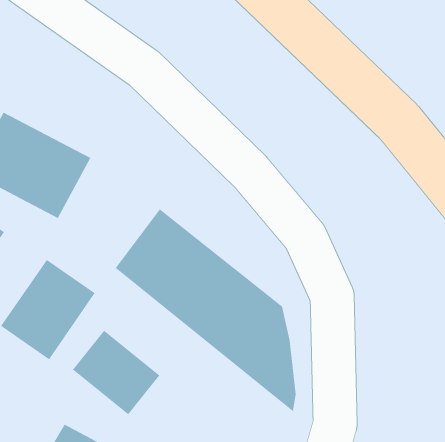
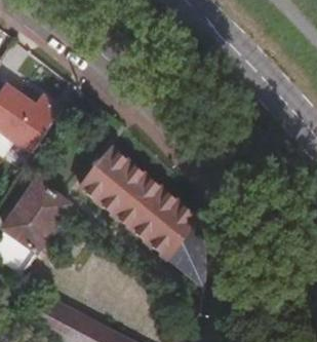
building: [72,330,160,415] -> none

